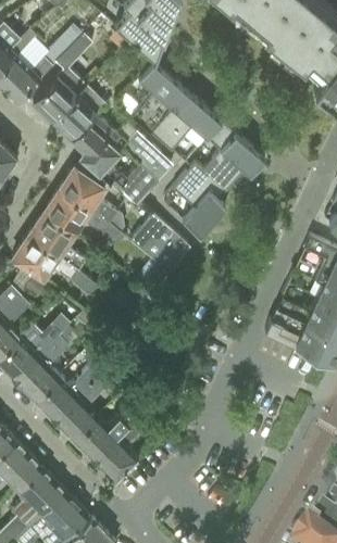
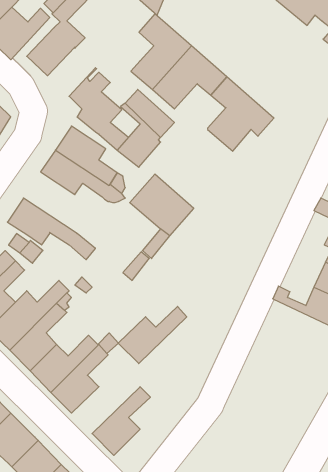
building: [51,85,107,140] -> none
building: [173,163,227,236] -> none
building: [28,212,87,270] -> none
building: [74,406,139,460] -> [118,306,187,364]

